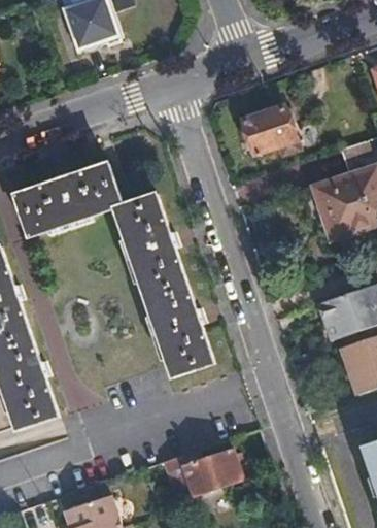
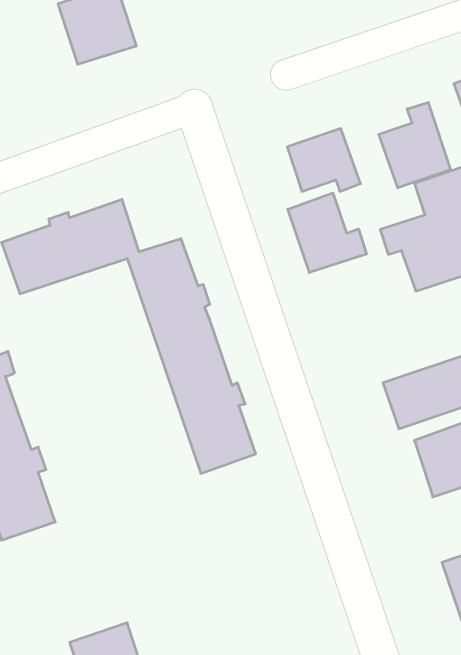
building: none -> [379,102,451,188]
building: none -> [288,193,367,273]
building: [164,450,252,501] -> none

